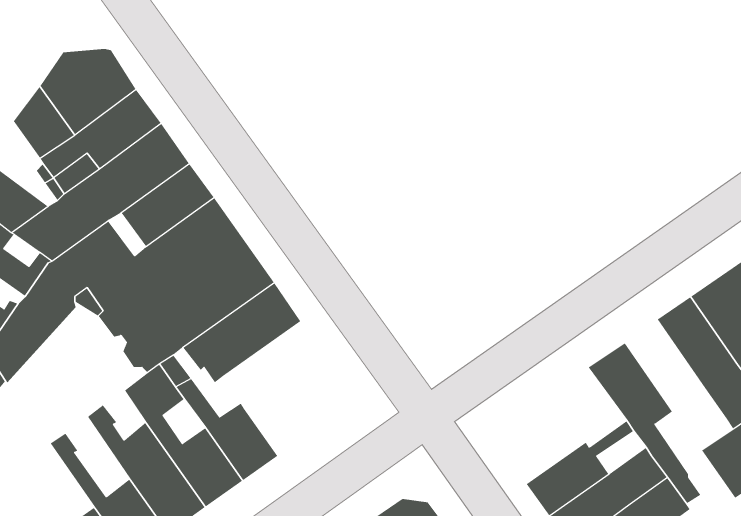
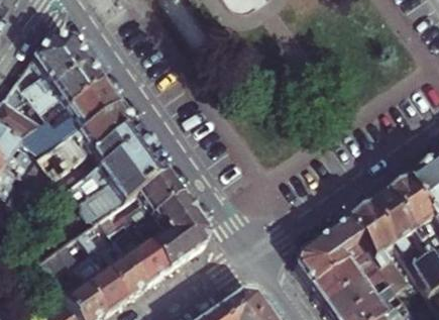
building: none -> [366,190,428,264]
building: none -> [137,191,207,268]
building: none -> [297,217,367,284]

